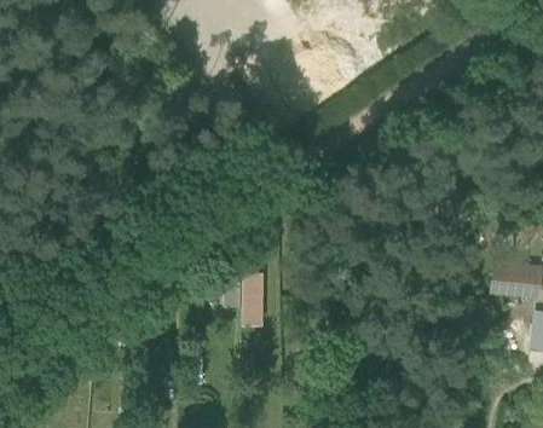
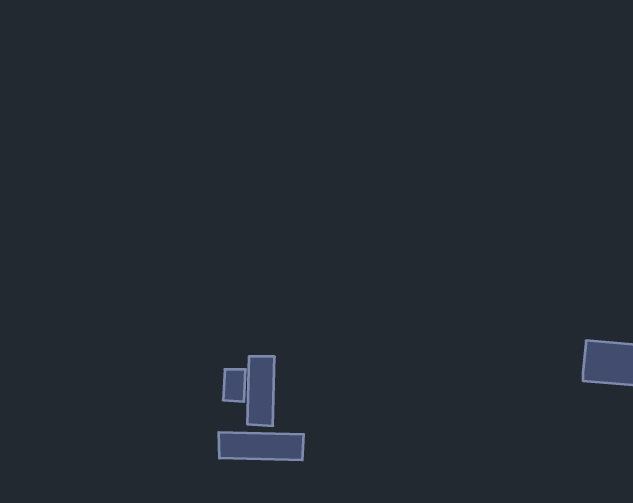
building: none -> [219,432,304,460]

